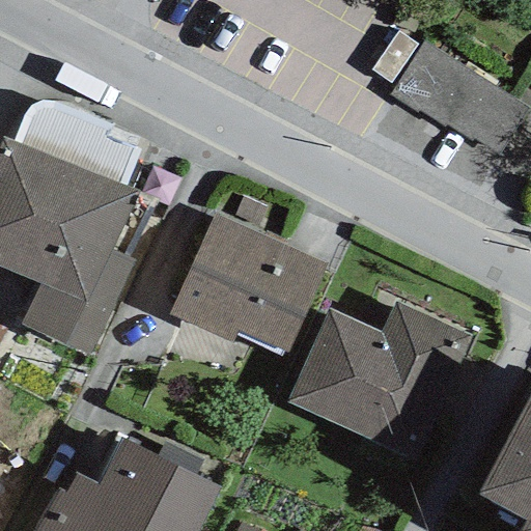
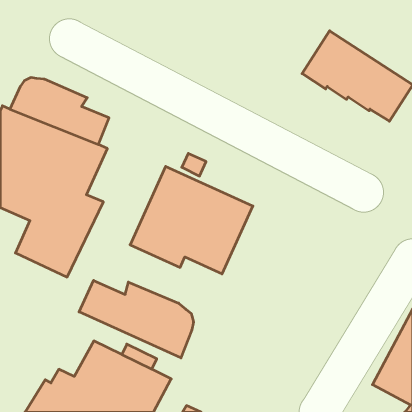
building: [284,302,472,468] -> none
building: none -> [79,280,193,358]

